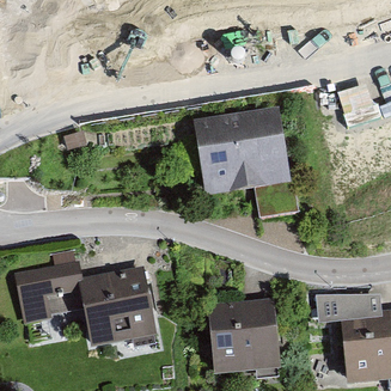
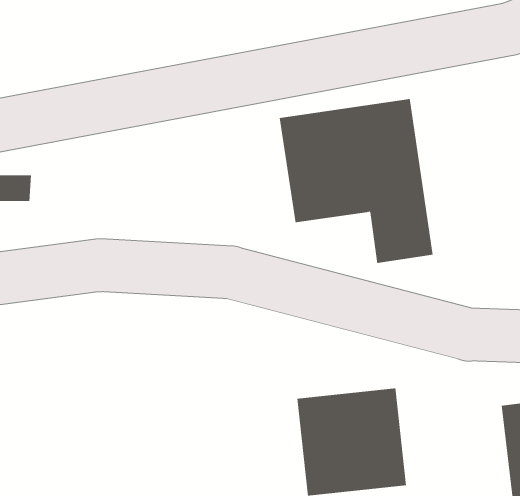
building: [12,259,153,347] -> none

